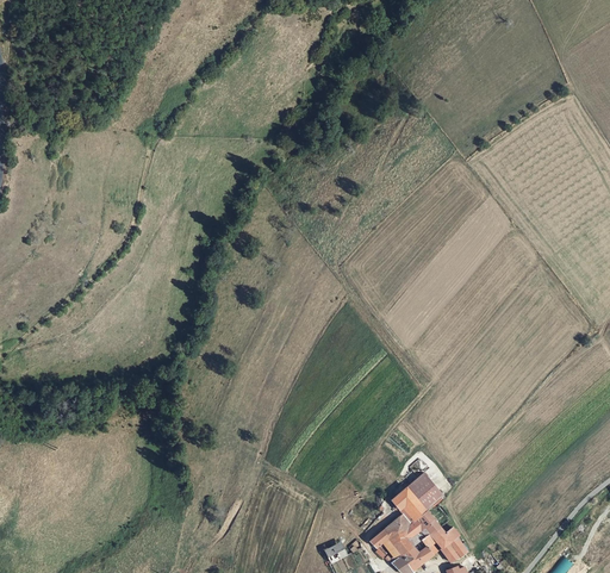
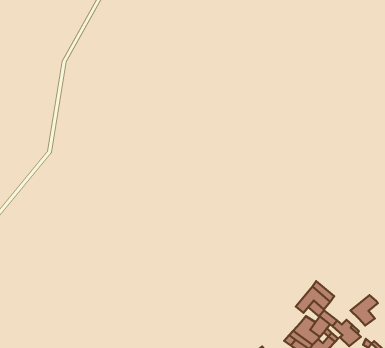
building: none -> [351,295,378,325]

